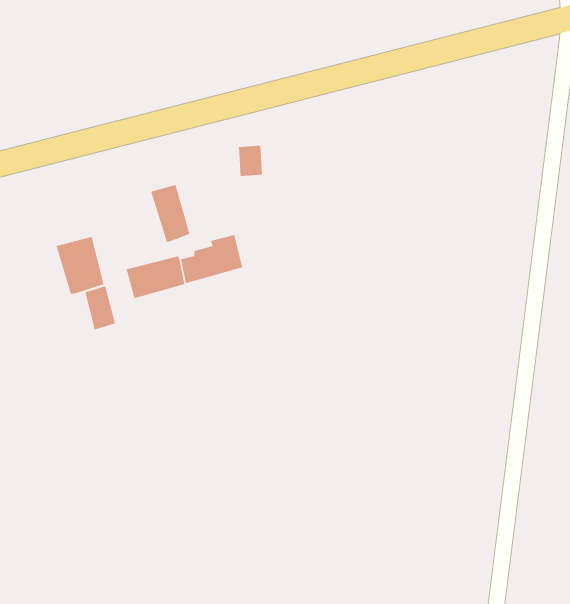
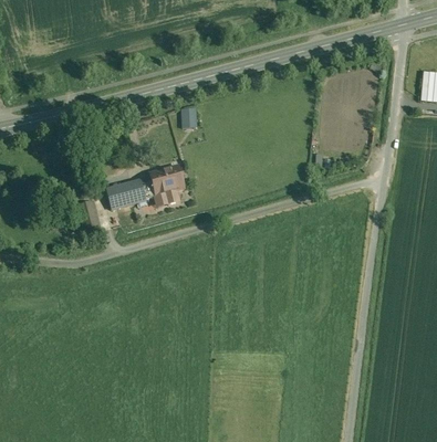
building: [150,184,191,242] -> none
building: [56,236,105,295] -> none

